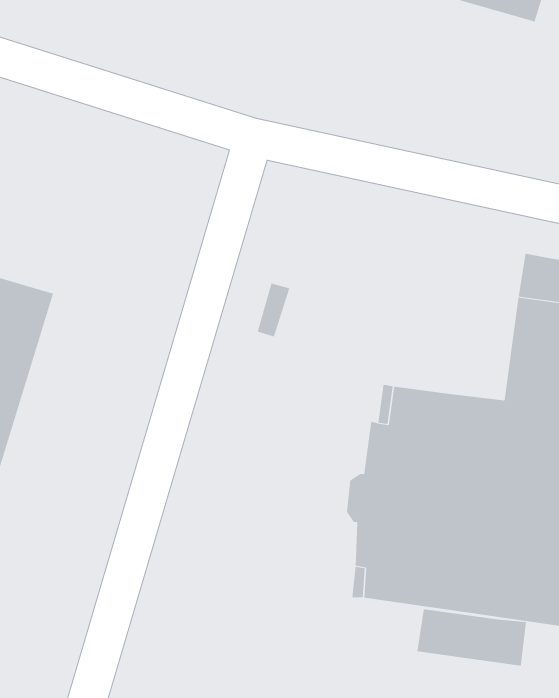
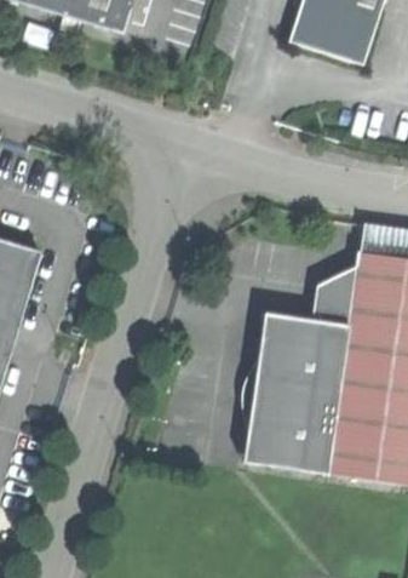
building: none -> [312,263,361,325]
building: [417,609,527,667] -> none

